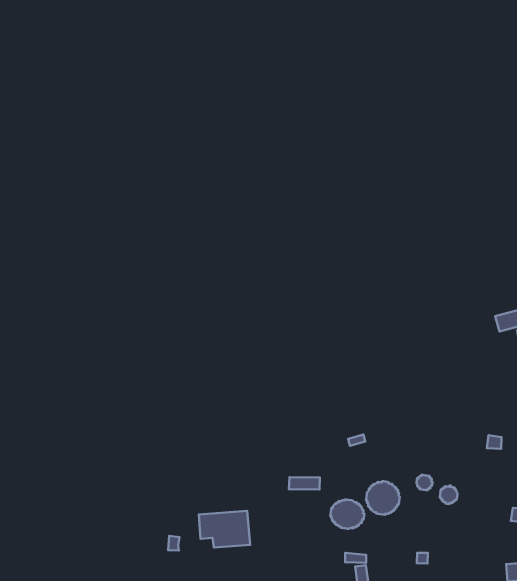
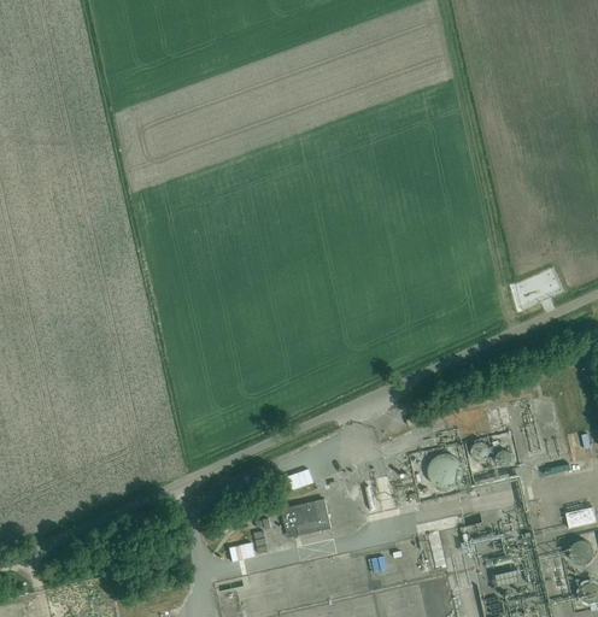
building: [330,499,364,529] -> none

